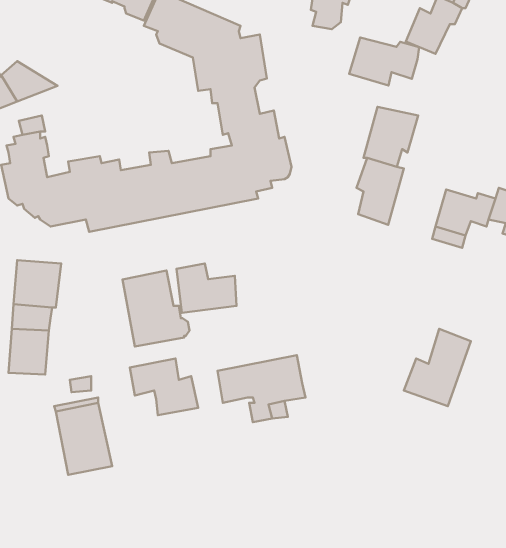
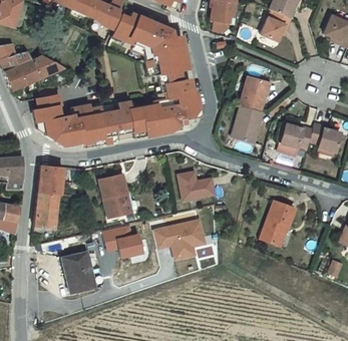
building: [349,38,419,86] -> none
building: [177,263,236,313] -> [181,169,215,198]

